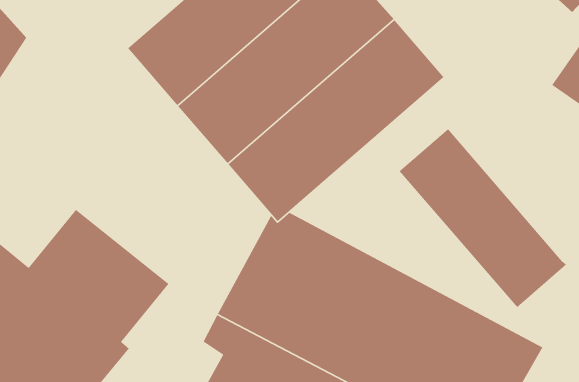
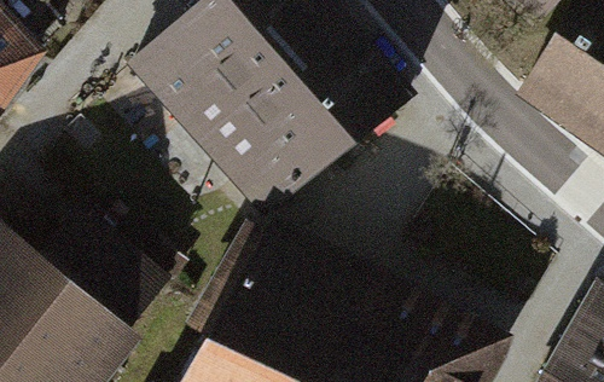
building: [398,128,567,308] -> none

